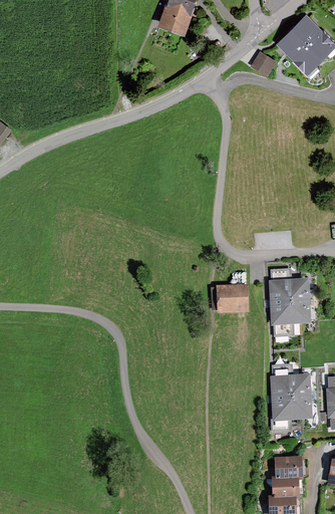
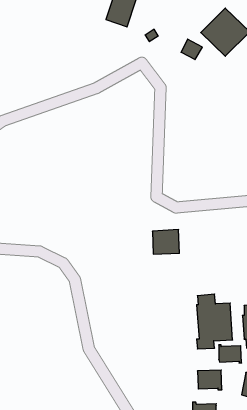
building: [270,268,314,325] -> none
building: [270,477,298,499] -> [219,345,242,363]

